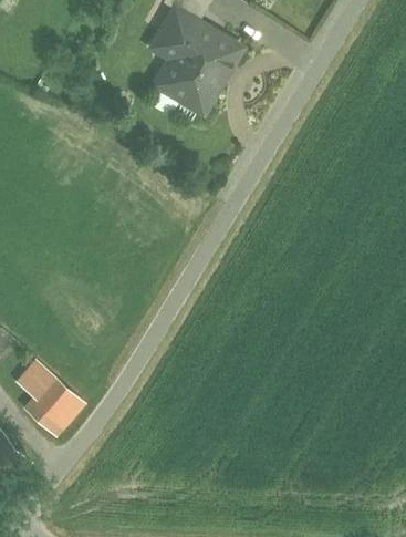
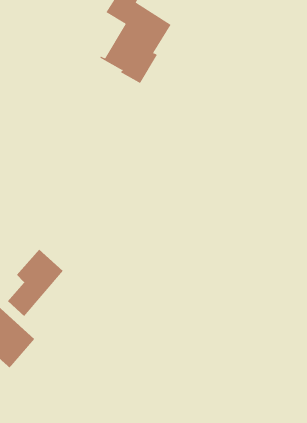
building: none -> [7,249,64,317]

